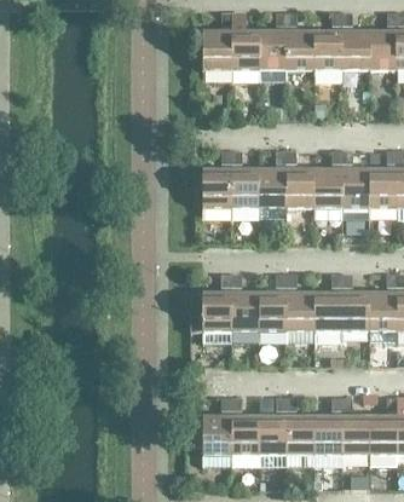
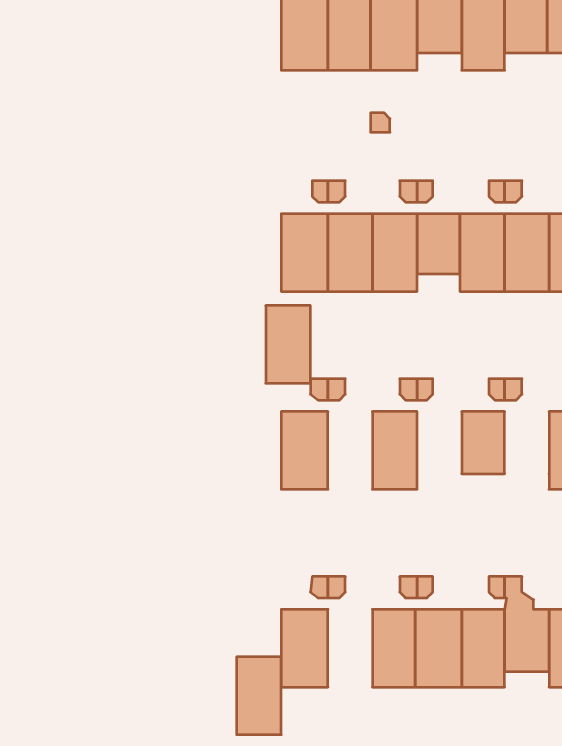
building: [231,292,259,340] -> [266,306,310,383]
building: [287,292,314,340] -> none
building: [341,292,369,330] -> none
building: [231,415,259,463] -> [237,657,281,735]

